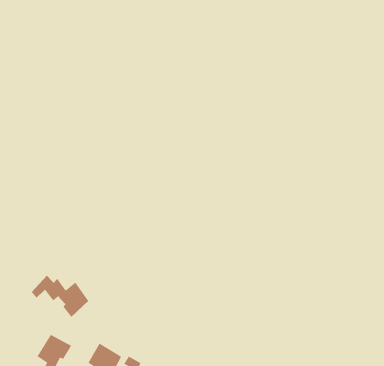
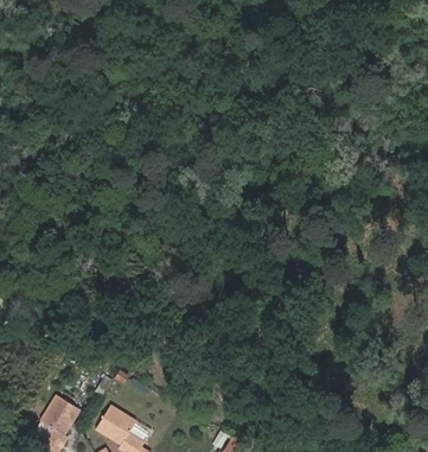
building: [31,275,89,318] -> none

